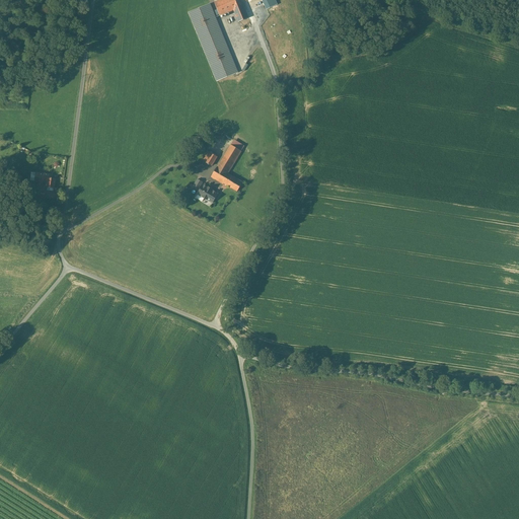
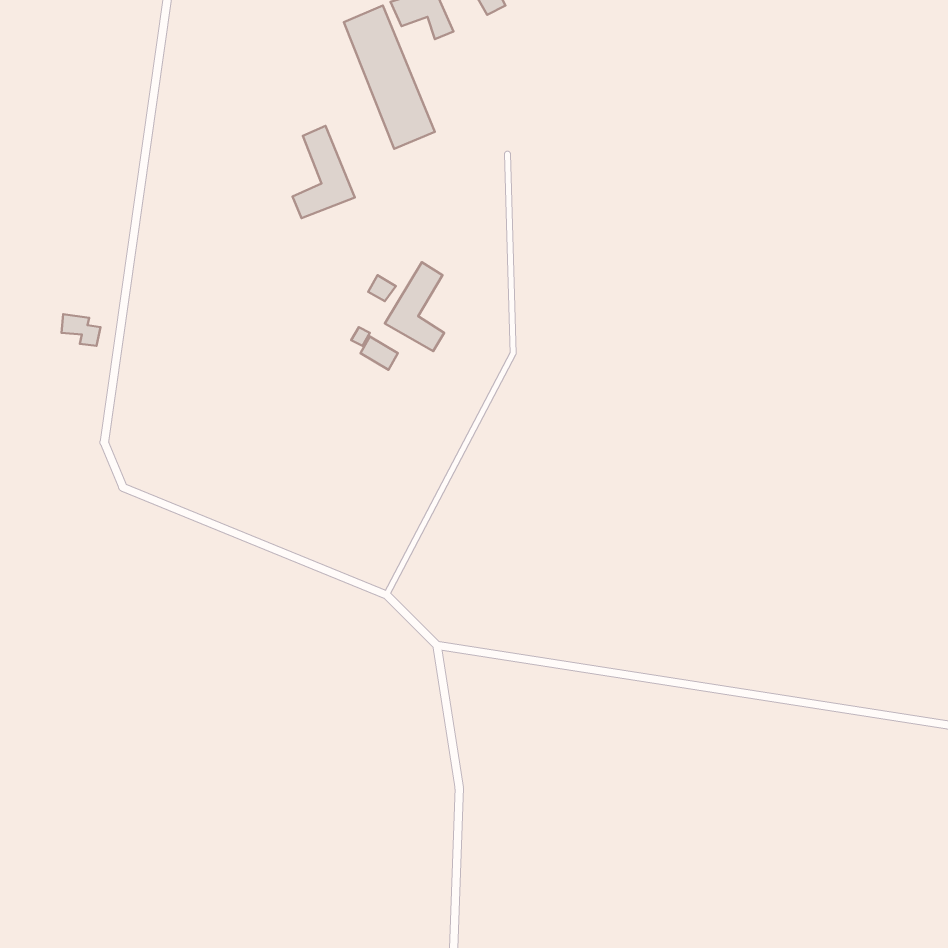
building: none -> [293,126,355,218]

